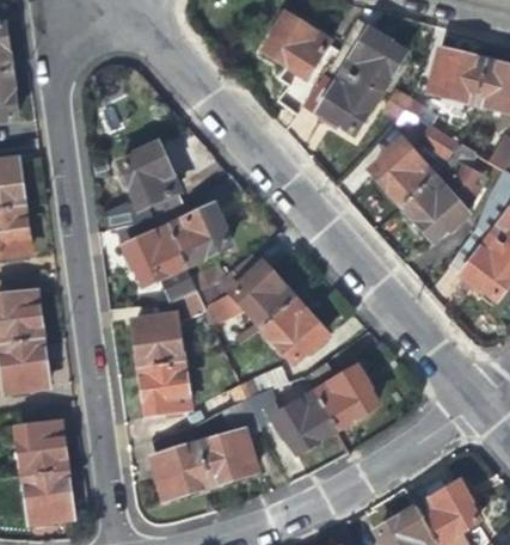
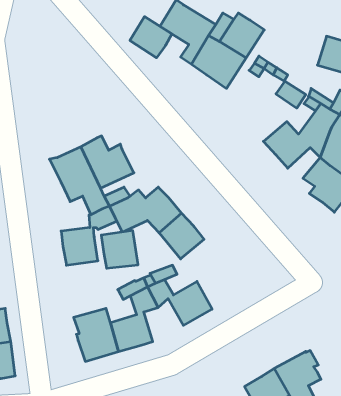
building: none -> [130,17,172,58]
building: [431,53,486,103] -> none
building: [371,143,434,204] -> none
building: [103,147,182,229] -> none
building: [314,360,375,428] -> none
building: [141,363,190,414] -> [101,231,138,268]

